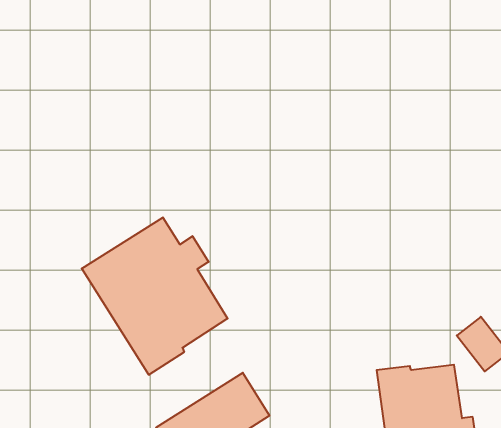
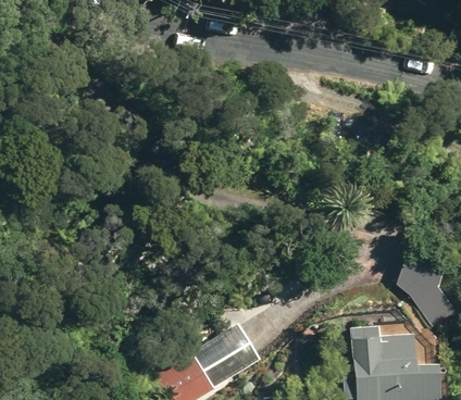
building: [82,217,228,375] -> none

